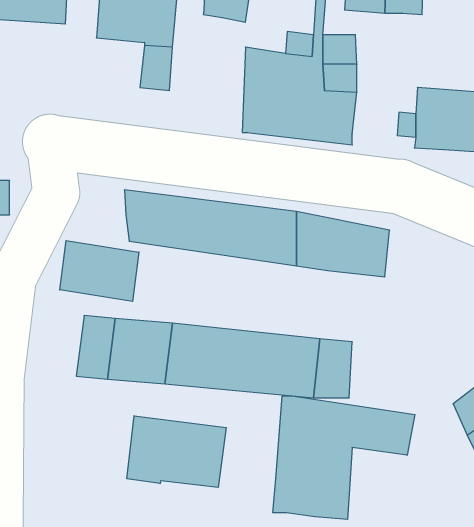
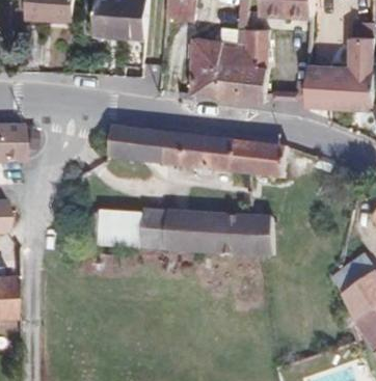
building: [60,241,139,301] -> none
building: [273,396,415,519] -> none
building: [127,416,226,487] -> none

